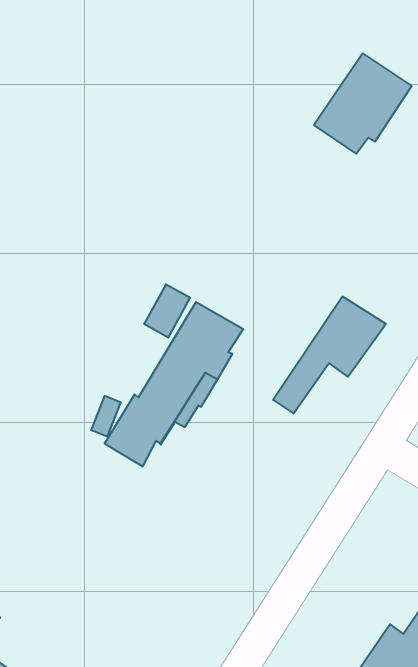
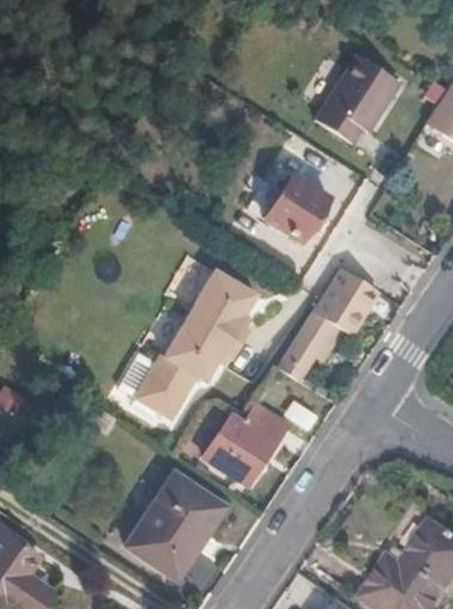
building: none -> [269,172,333,240]
building: none -> [205,403,280,479]
building: none -> [124,465,228,574]

